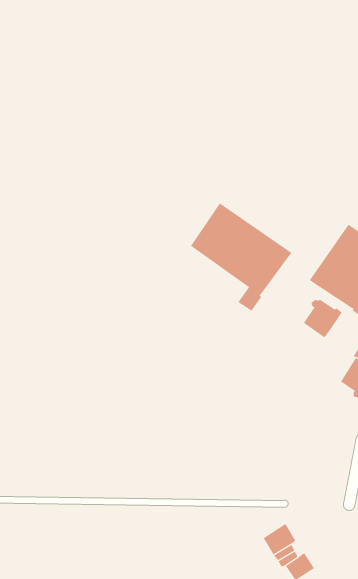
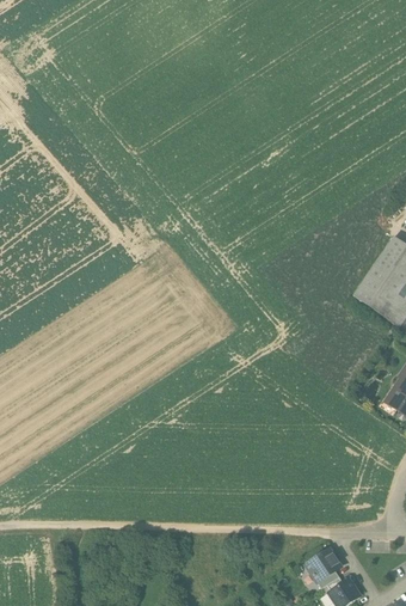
building: [190,203,292,312] -> none
building: [303,298,343,338] -> none

